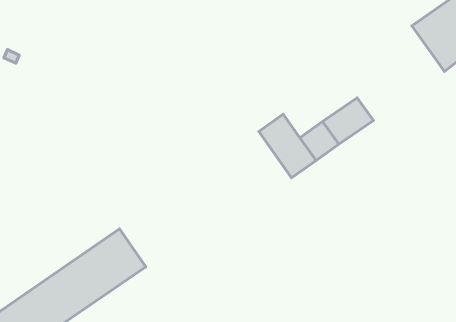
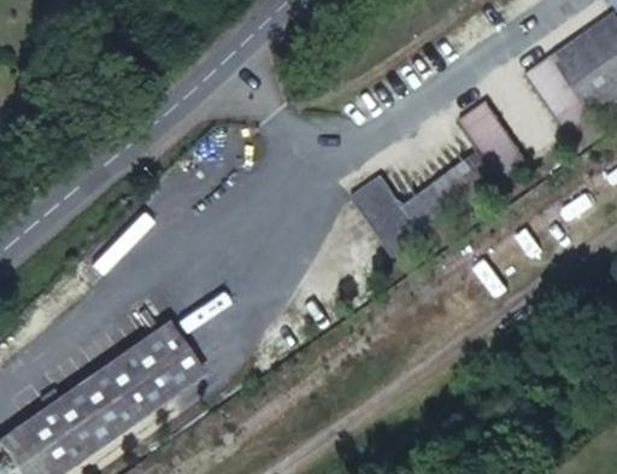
building: none -> [524,54,595,134]
building: none -> [458,100,529,181]

